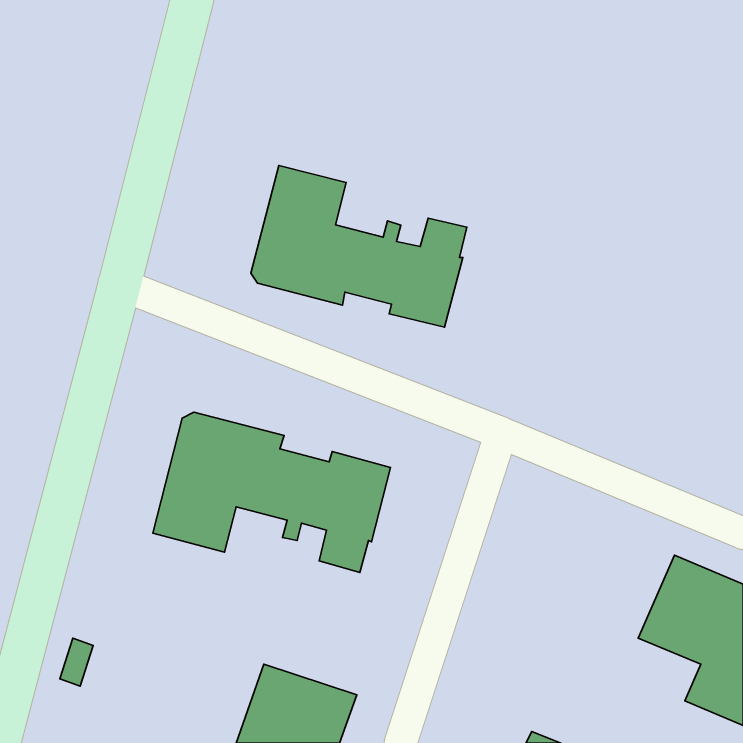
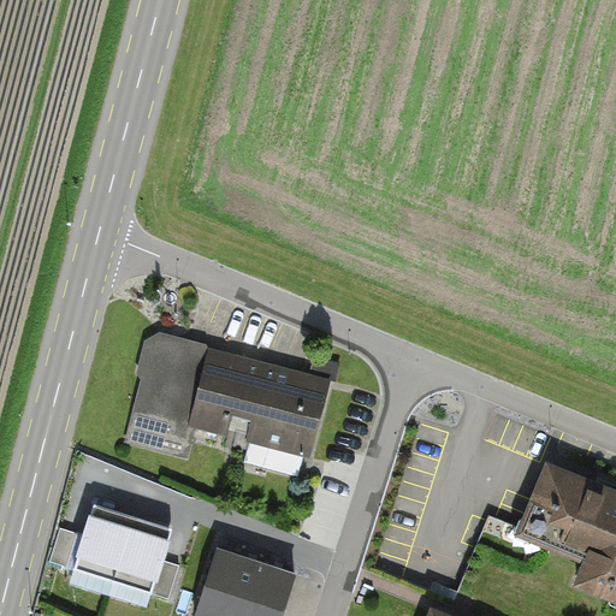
building: [251,166,467,327] -> none
building: none -> [75,504,179,598]

